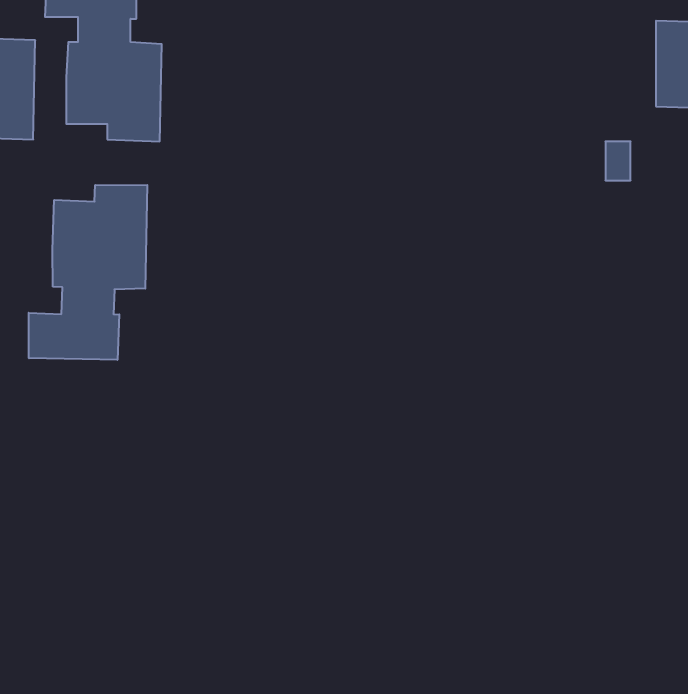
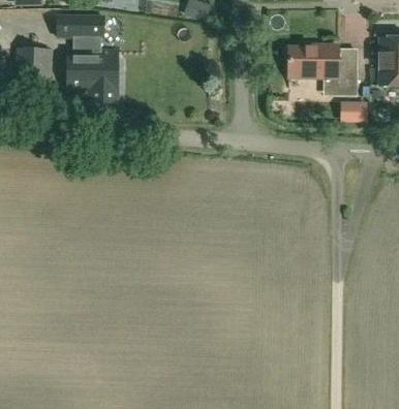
building: none -> [288,43,357,94]
building: [29,185,147,360] -> none

